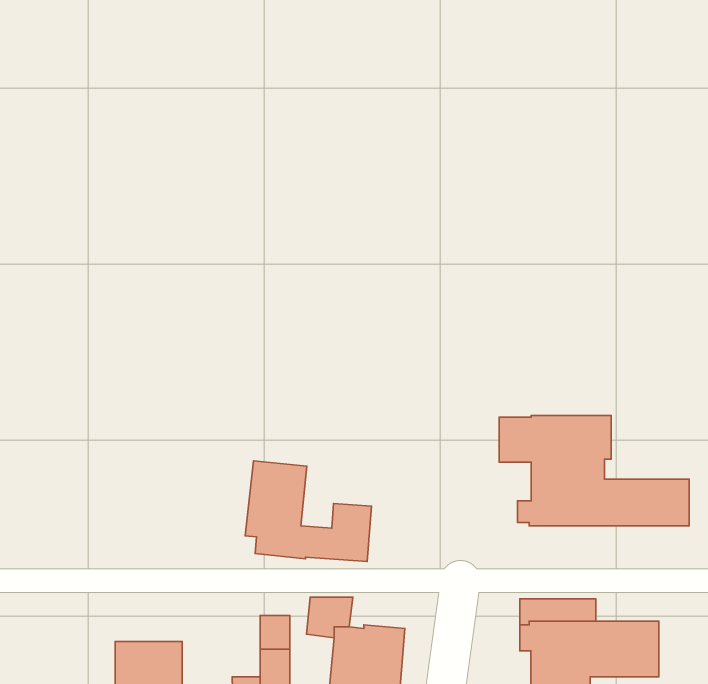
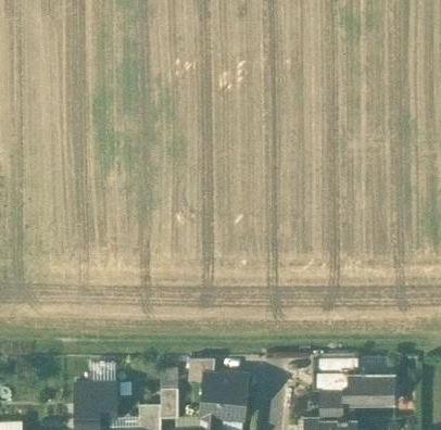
building: [499,416,689,526] -> none
building: [245,461,371,562] -> none

